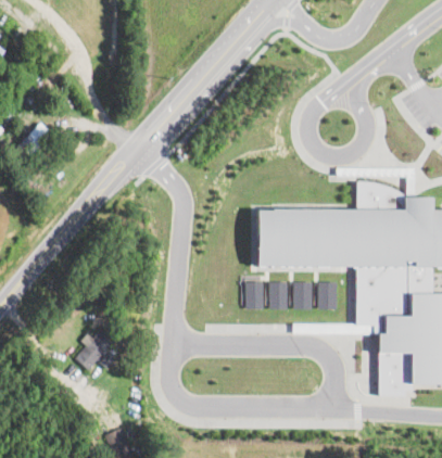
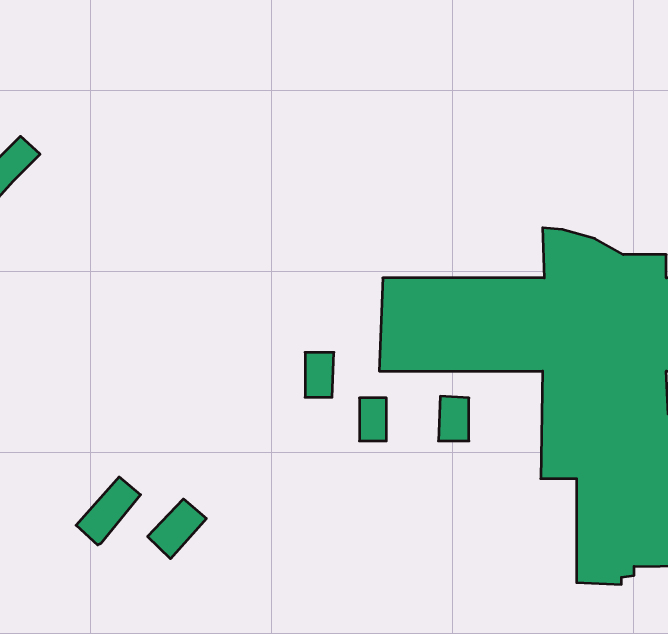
building: [269,281,287,308] -> [305,352,334,397]
building: [318,282,336,308] -> none
building: none -> [148,499,206,559]

